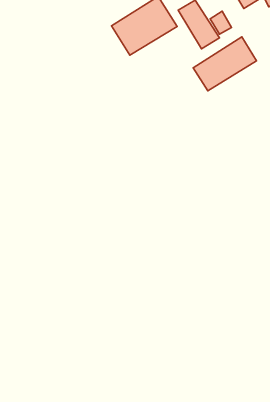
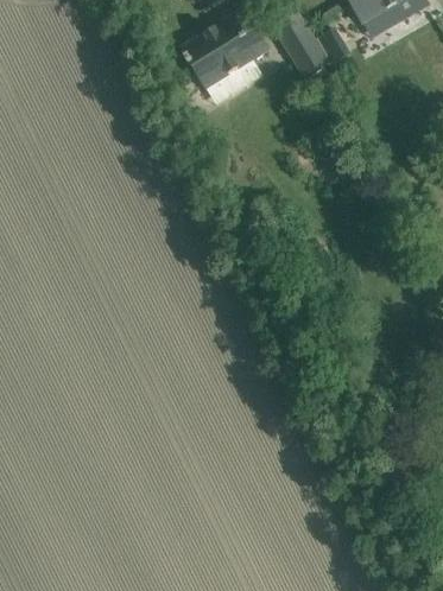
building: [193,37,257,91] -> none

